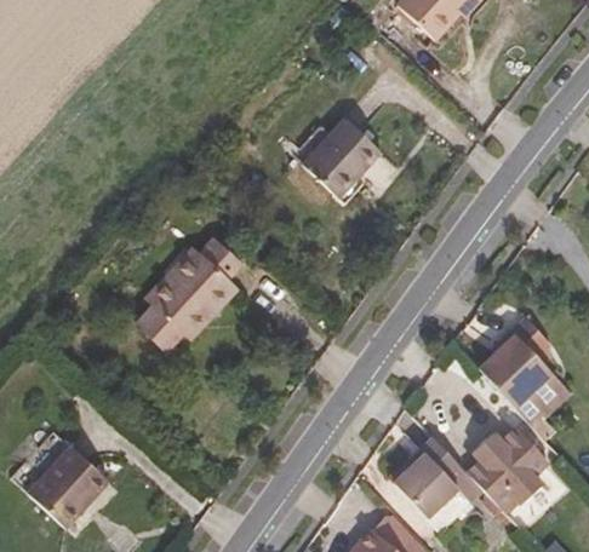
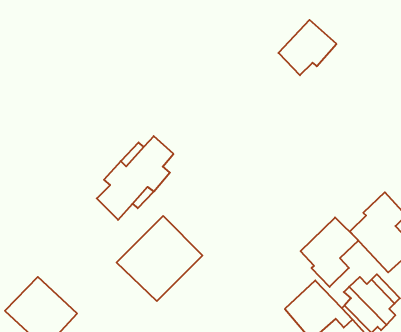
building: [303,119,382,194] -> [278,20,336,75]
building: none -> [117,216,202,301]
building: none -> [301,217,358,287]

